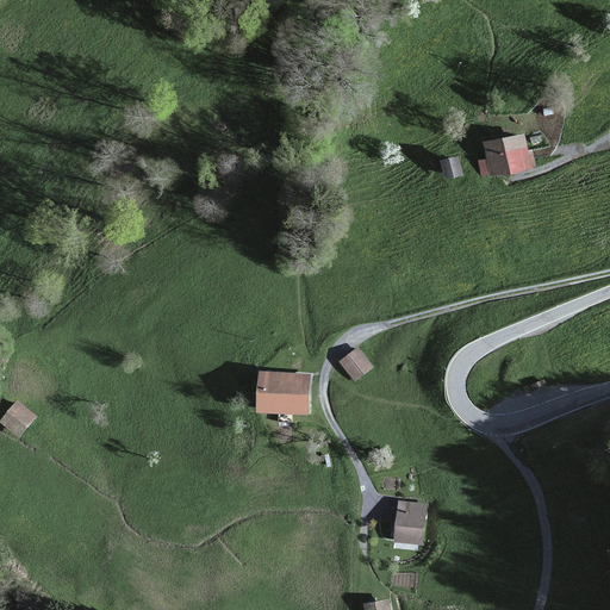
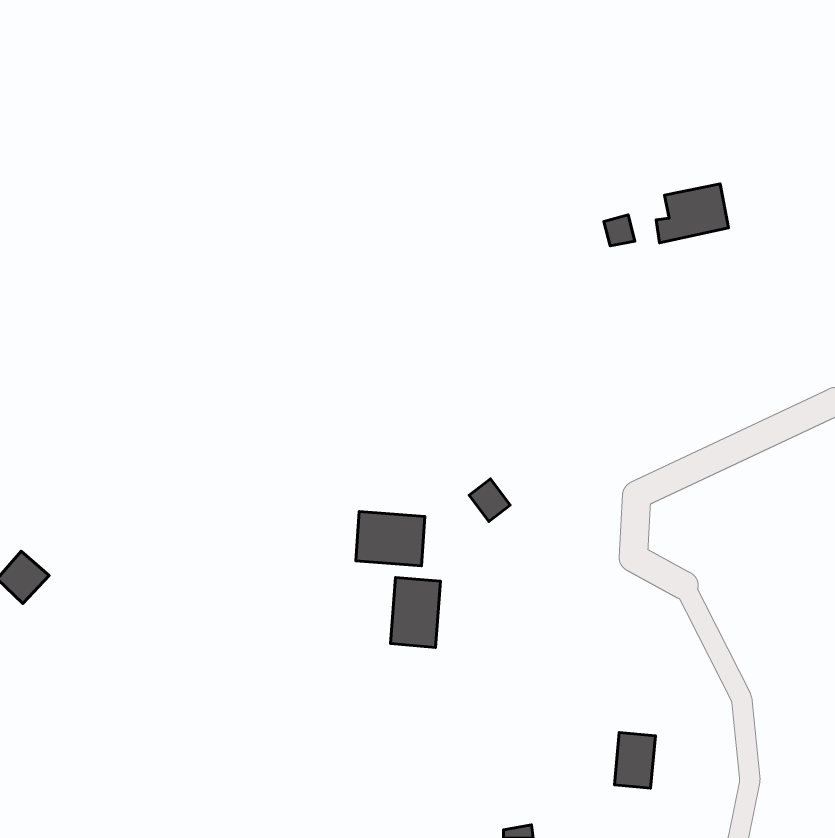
building: none -> [390,578,440,647]
building: [394,502,424,542] -> [614,732,655,788]

